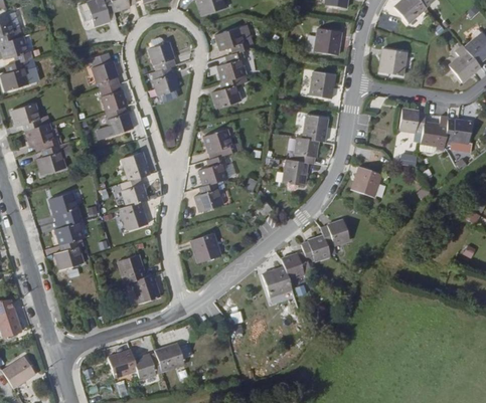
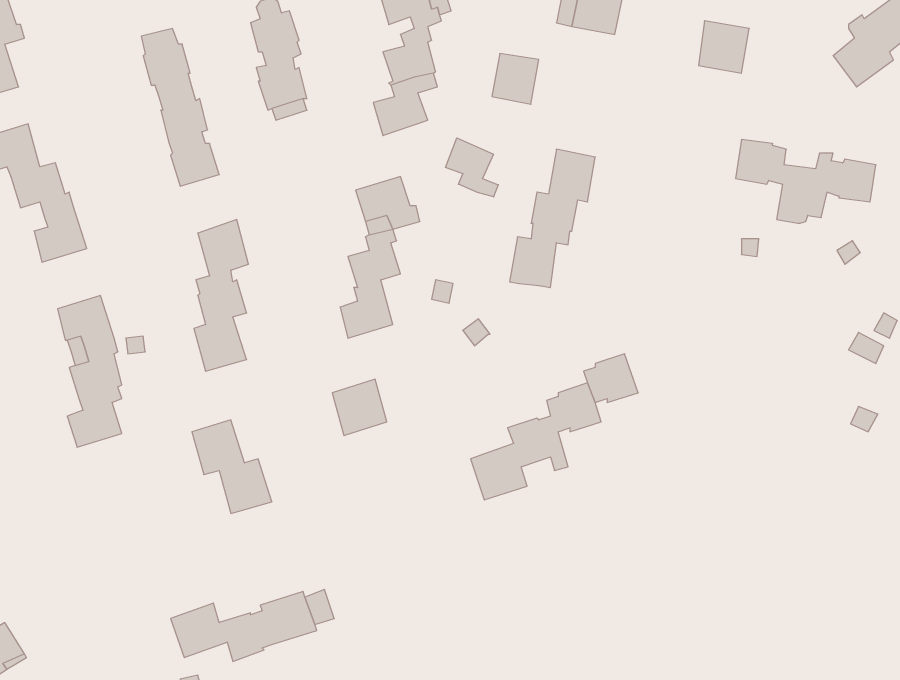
building: [310,72,334,98] -> [492,54,539,104]
building: none -> [445,138,498,197]
building: [352,167,380,196] -> none

